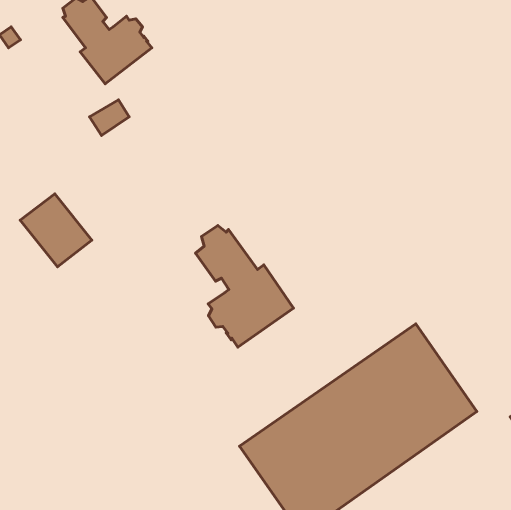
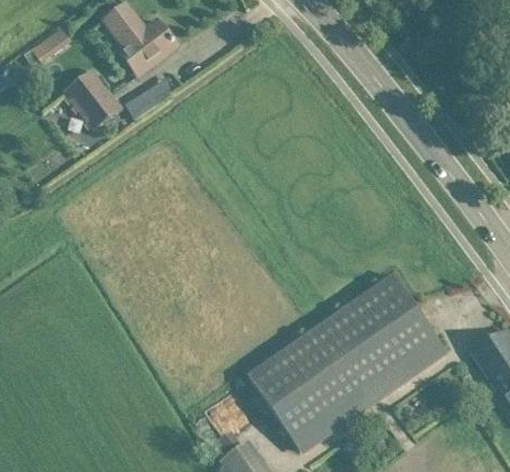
building: [20,194,92,267] -> [64,68,123,129]
building: [195,226,293,347] -> none

